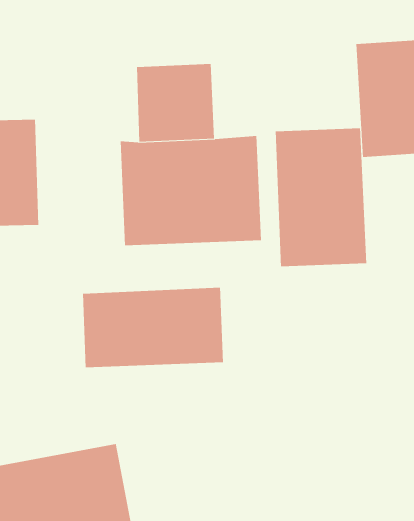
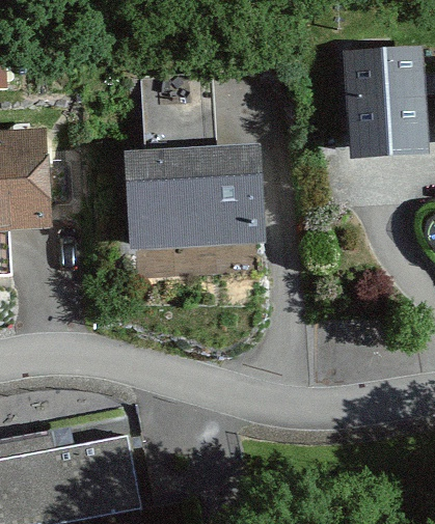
building: [275,127,367,267] -> none
building: [82,287,224,368] -> none

